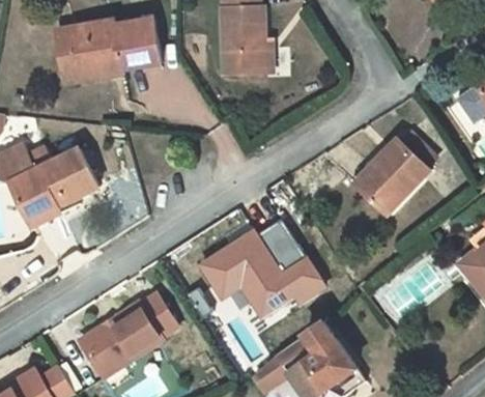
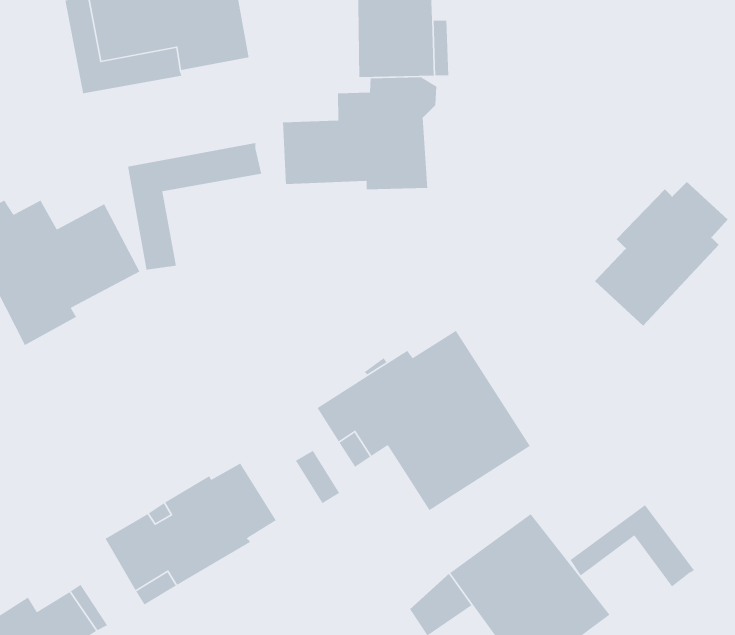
building: none -> [282,76,437,190]
building: none -> [127,142,262,271]
building: none -> [569,504,695,588]

